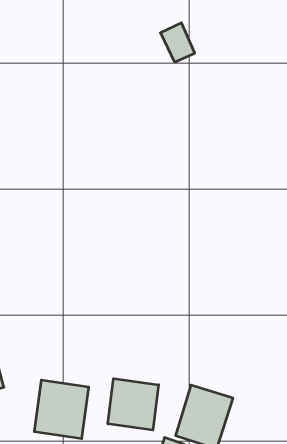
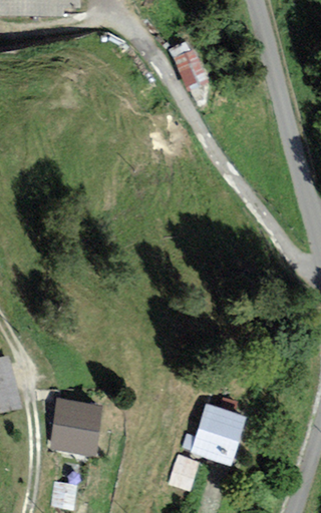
building: [108,379,159,430] -> none

